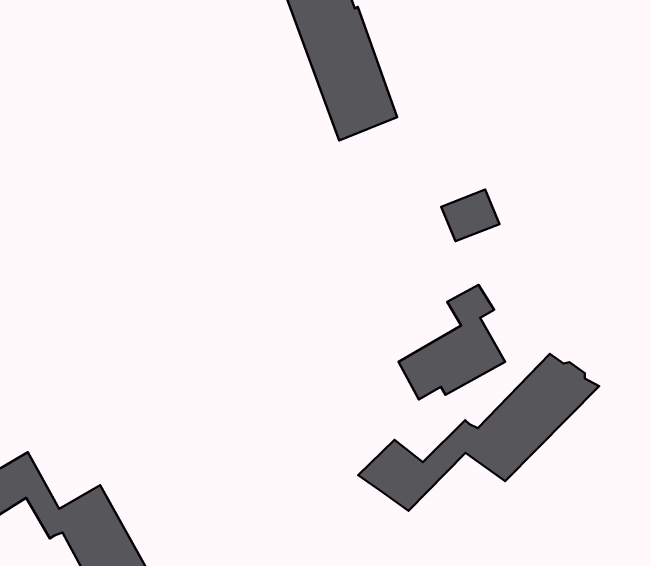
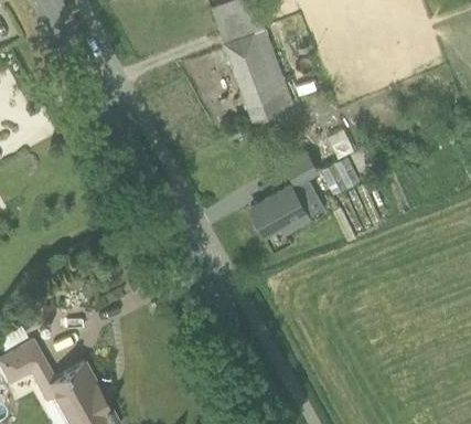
building: [398,285,505,400] -> [249,157,324,237]
building: [358,354,599,511] -> none

